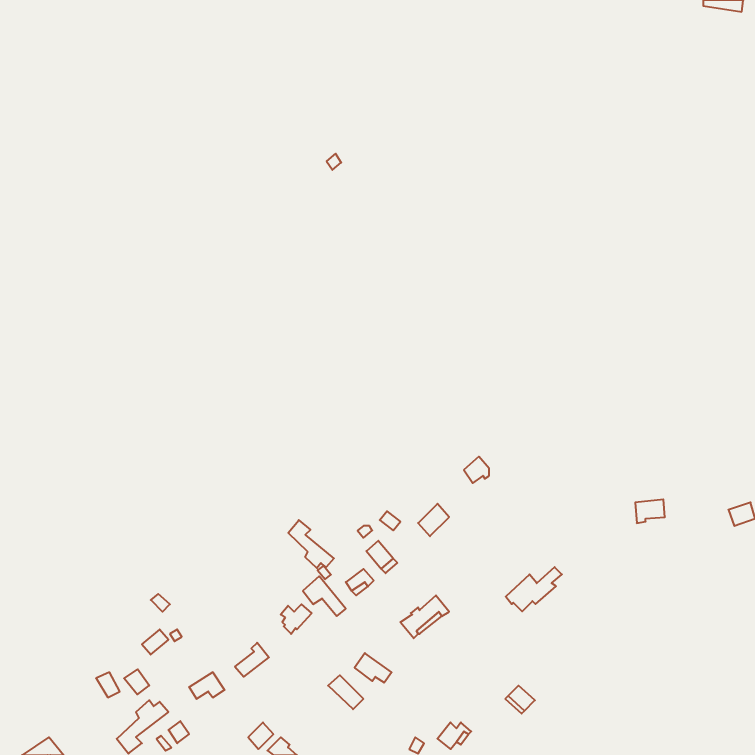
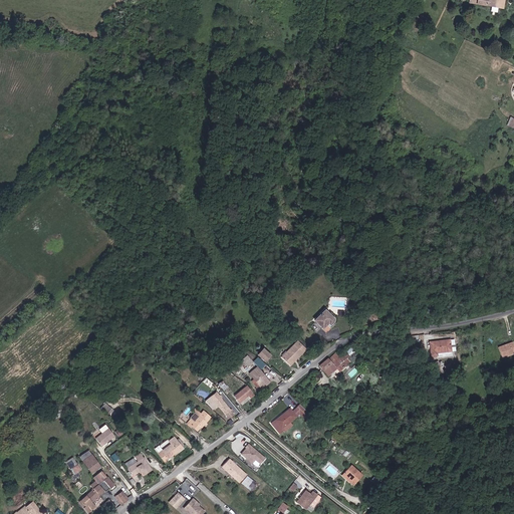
building: [288,520,334,568] -> none
building: [506,567,562,611] -> [319,346,357,376]

